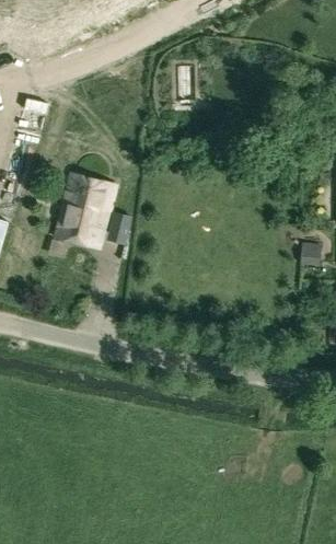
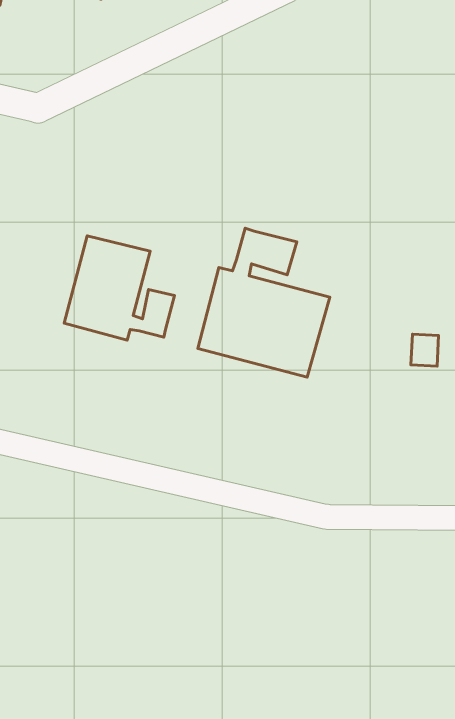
building: none -> [198,228,330,377]

